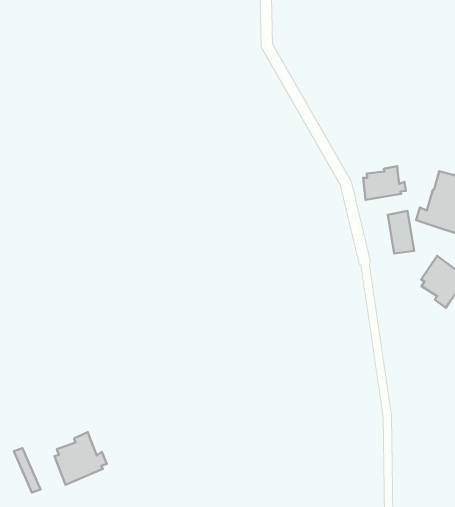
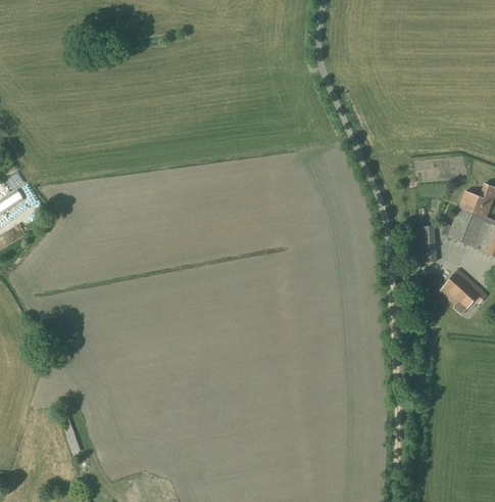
building: [363,166,406,200] -> none
building: [55,432,107,485] -> none

